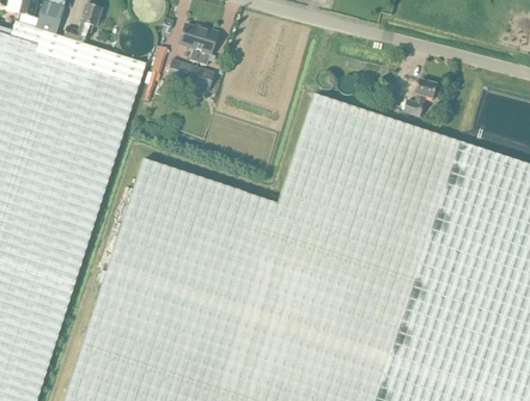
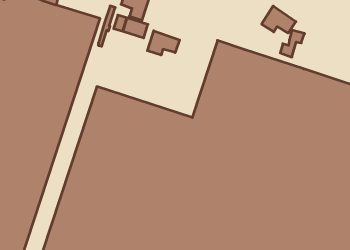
building: none -> [262,6,296,33]
building: none -> [147,31,180,55]

